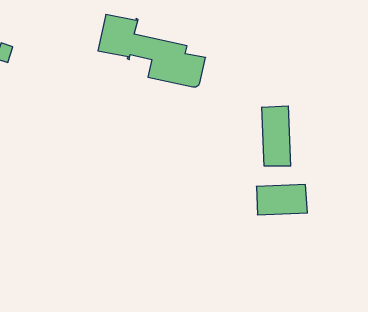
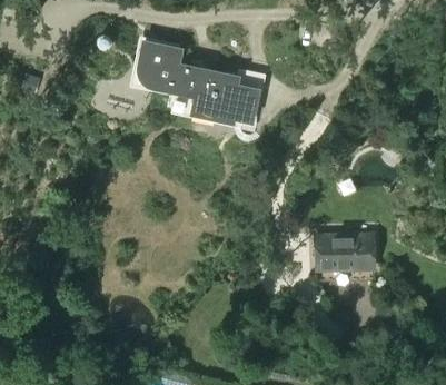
building: [262,106,291,166] -> none

